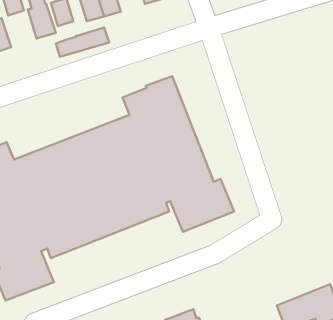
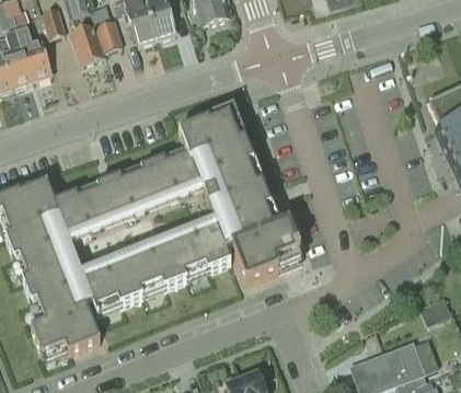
building: [56,28,109,57] -> none

